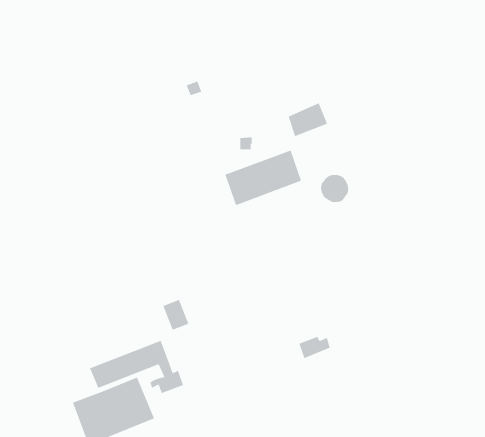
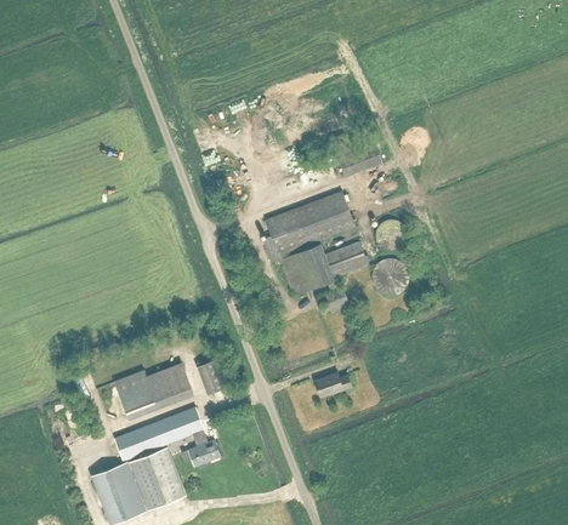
building: none -> [279,241,367,312]
building: none -> [370,258,408,296]
building: none -> [114,364,192,420]
building: [298,336,331,359] -> [314,372,351,398]

